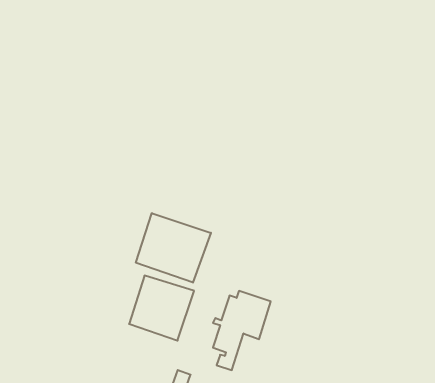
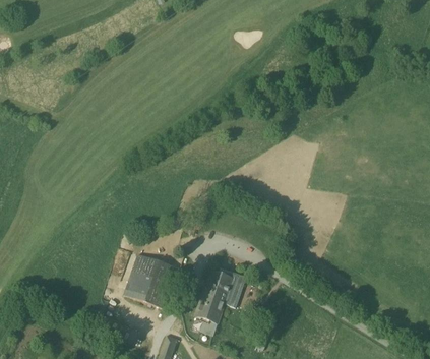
building: [136,213,211,283] -> none

